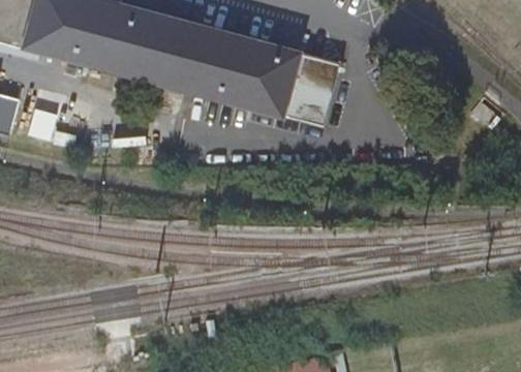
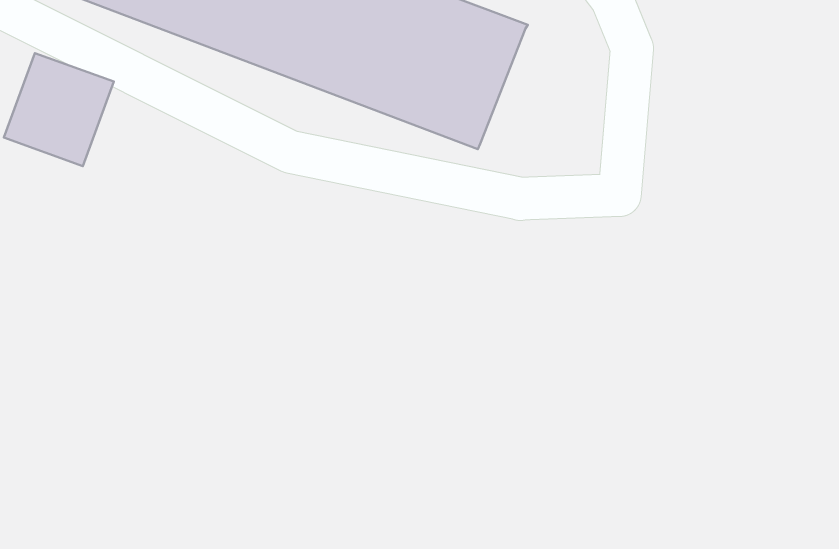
building: [281,52,339,128] -> none

